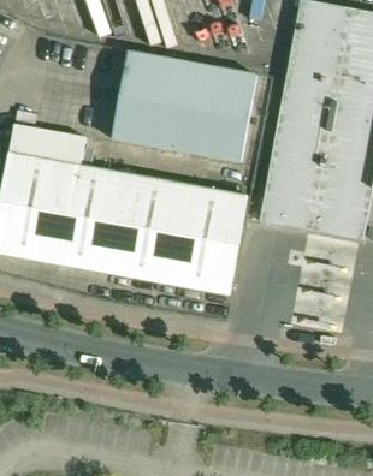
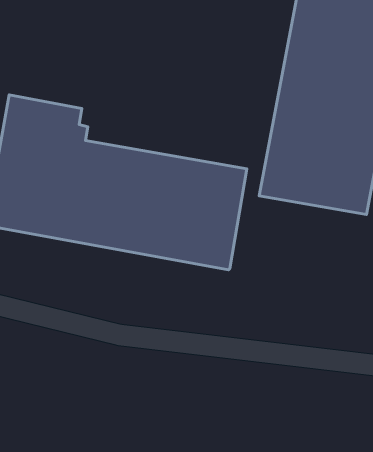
building: [112,49,256,162] -> none

